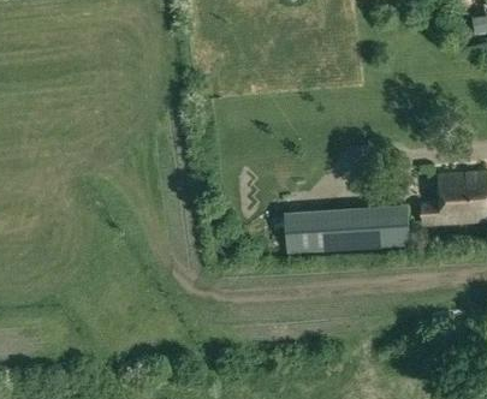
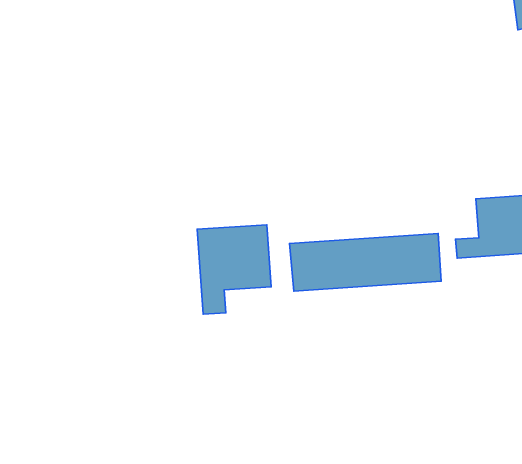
building: none -> [197,225,271,314]

